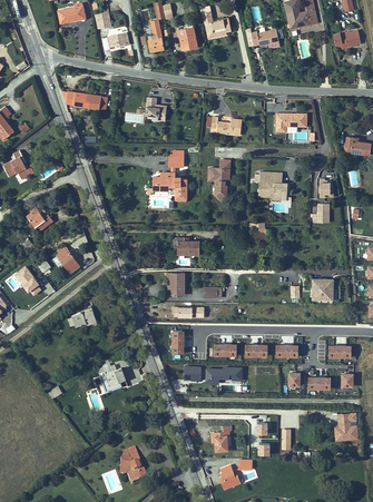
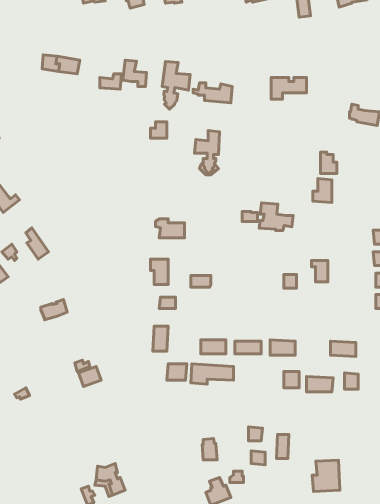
building: none -> [162,61,190,109]
building: [258,173,288,197] -> [259,203,293,231]
building: [154,174,187,199] -> none
building: [334,413,359,441] -> [312,460,340,492]

